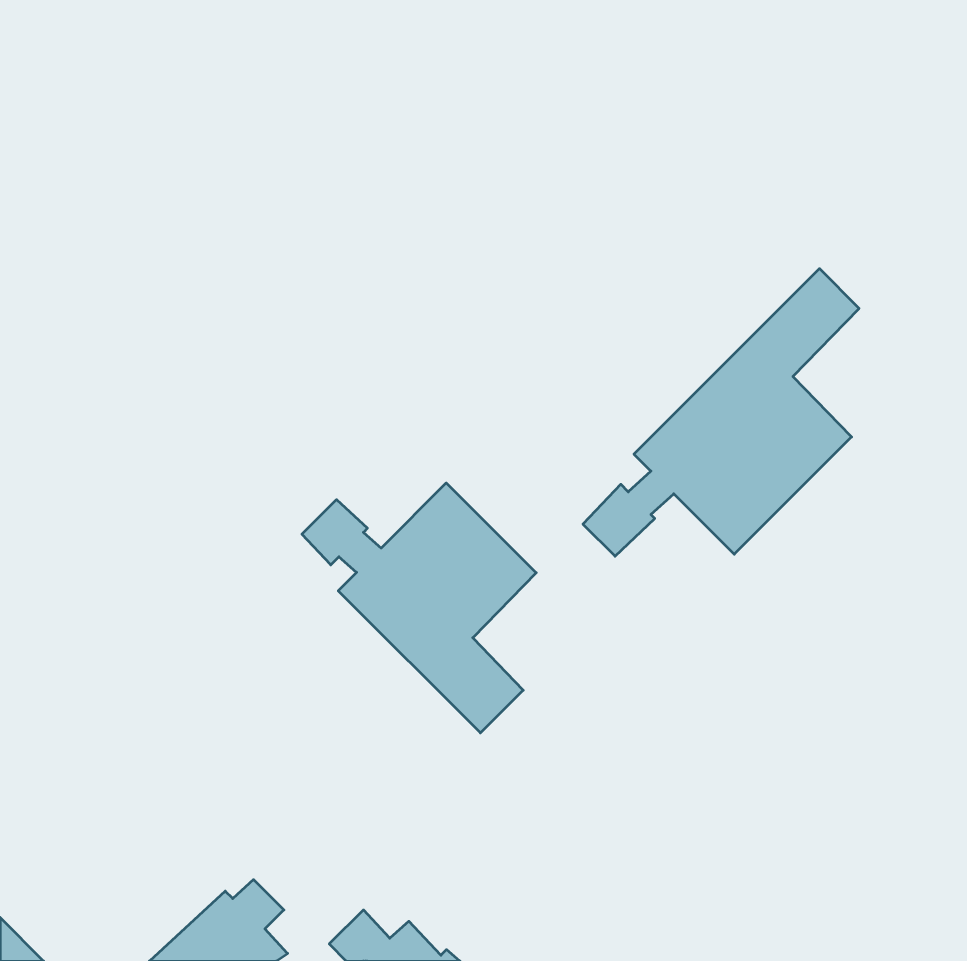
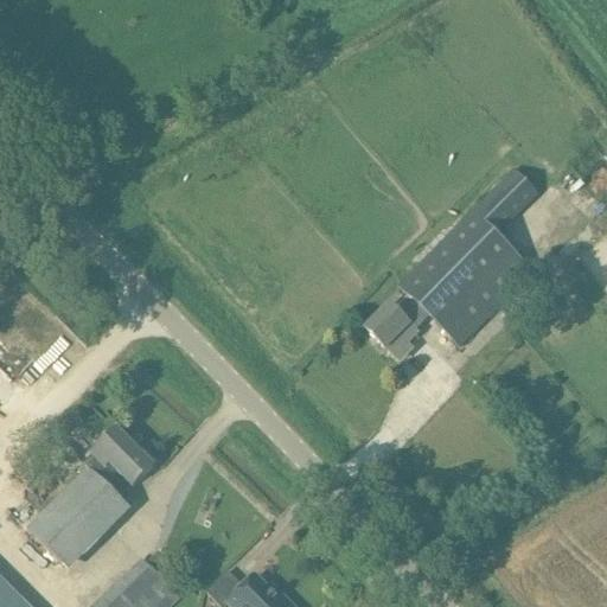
building: [302,483,536,733] -> none
building: none -> [27,430,155,567]

